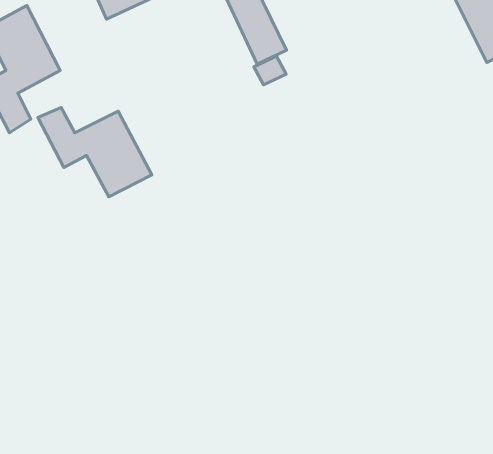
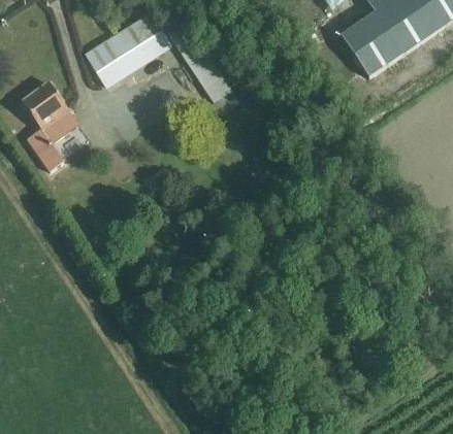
building: [38,108,152,197] -> none

